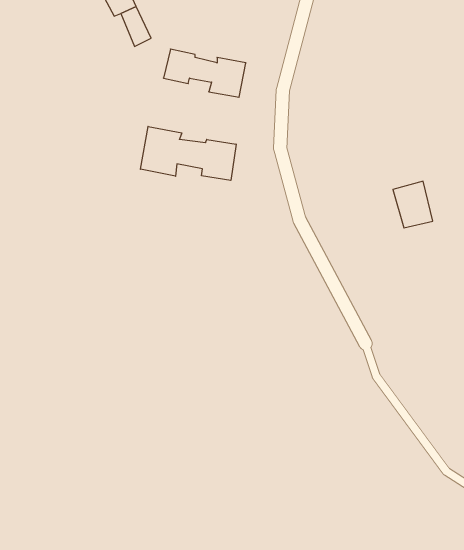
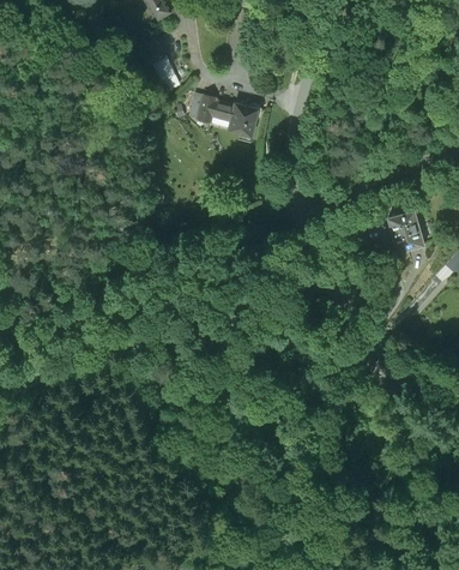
building: [140,126,236,180] -> none

